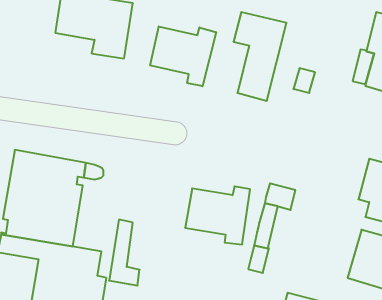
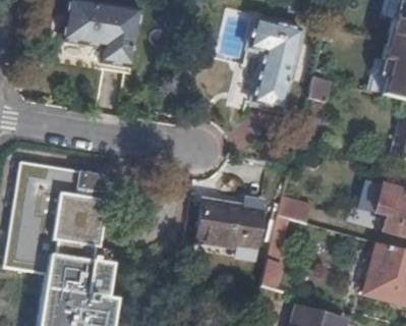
building: [150,26,216,86] -> none
building: [109,220,140,286] -> [81,197,113,265]

